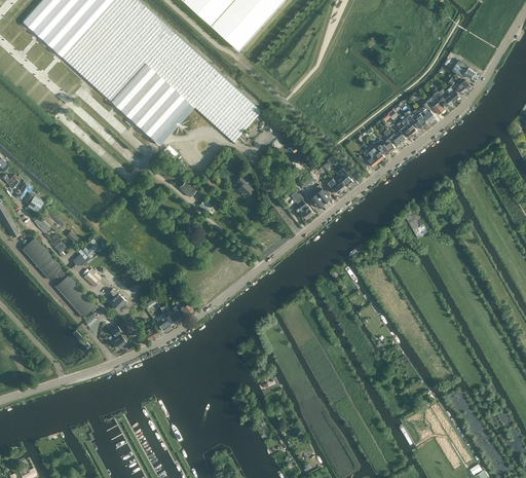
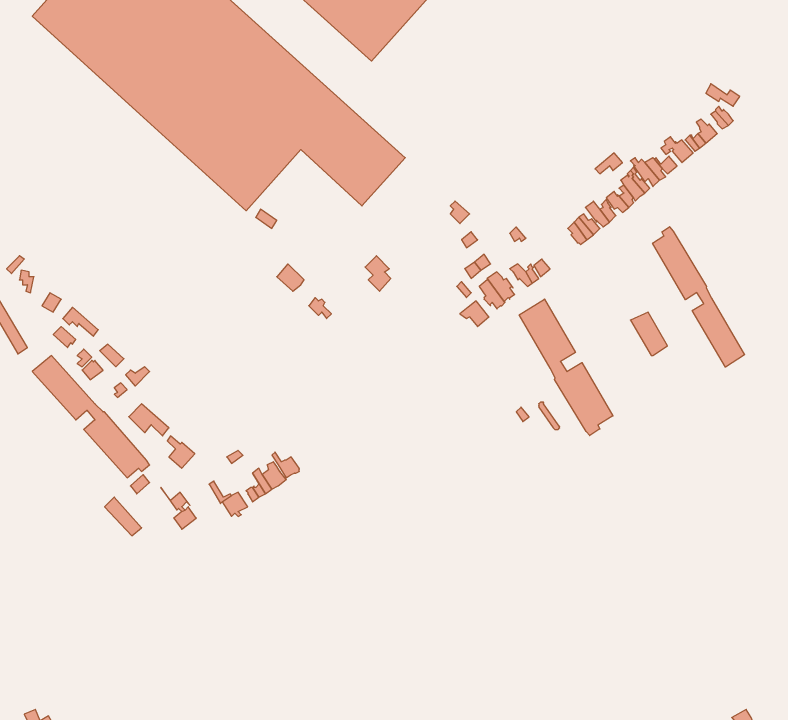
building: none -> [653,227,745,367]
building: none -> [519,299,613,436]

